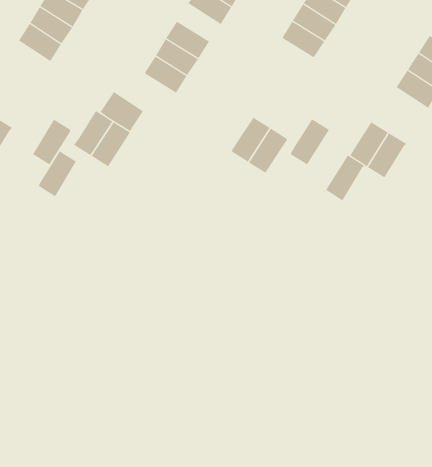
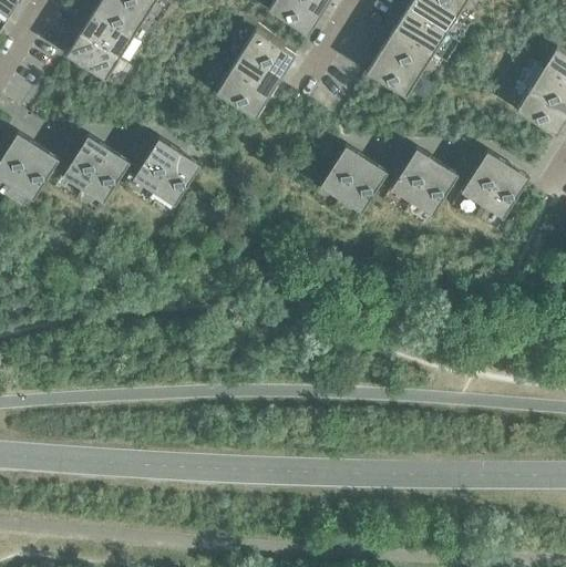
building: none -> [367,51,419,96]
building: [100,91,144,132] -> none
building: [38,150,77,197] -> [62,134,109,189]
building: [325,155,365,201] -> [411,161,459,216]

